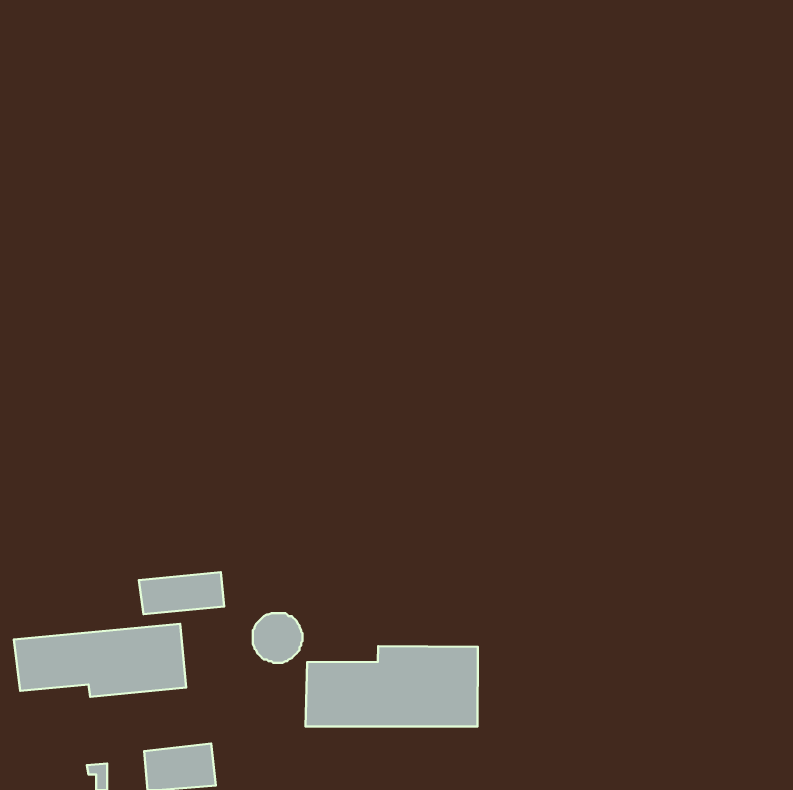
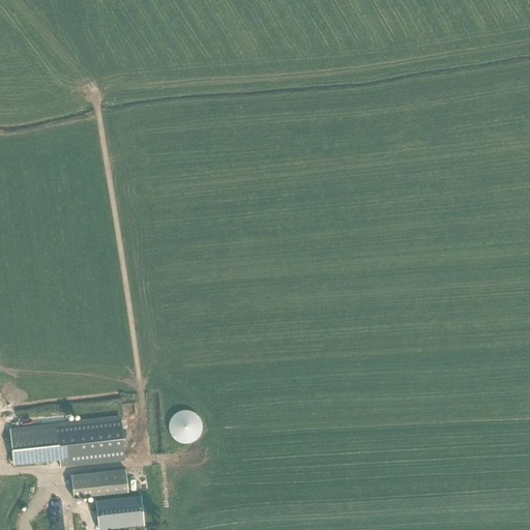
building: [139,572,224,614] -> [70,468,127,496]
building: [306,646,478,727] -> none

